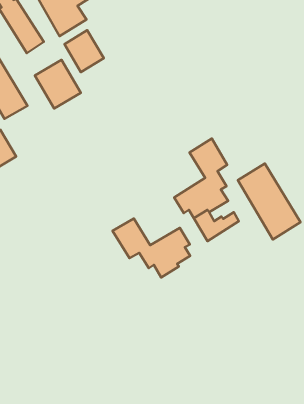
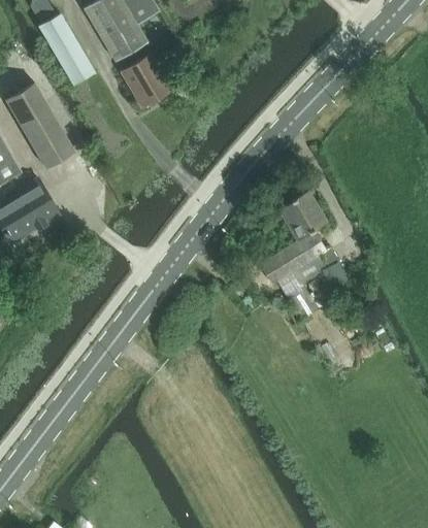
building: [35,60,81,108] -> none
building: [238,164,300,239] -> none
building: [113,218,190,277] -> none

